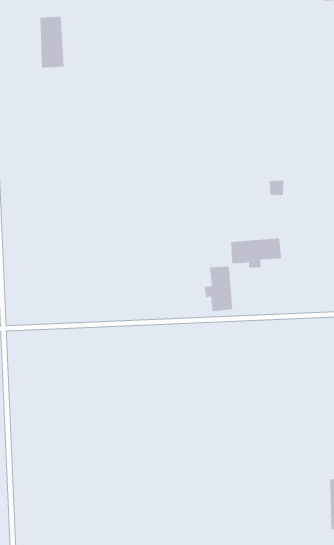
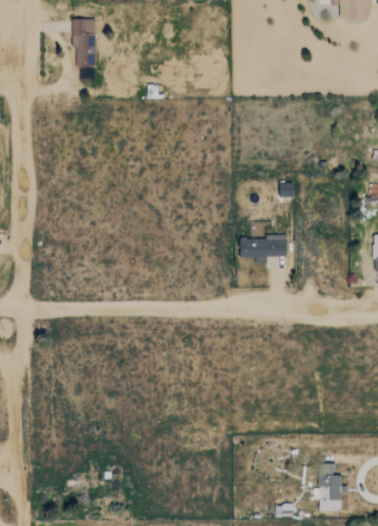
building: [204,266,233,312] -> none

